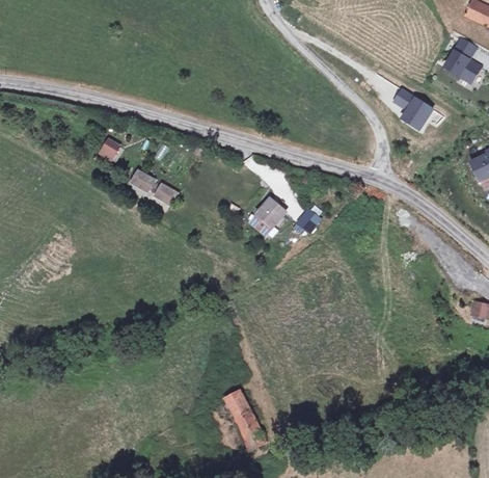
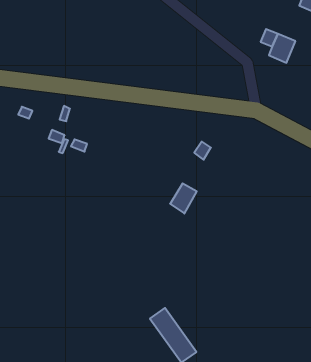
building: [253,195,286,230] -> [170,183,197,214]

